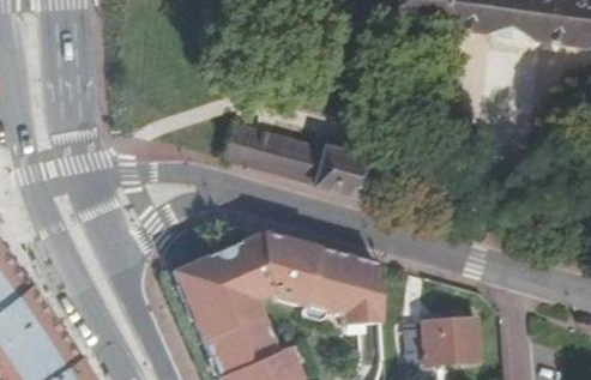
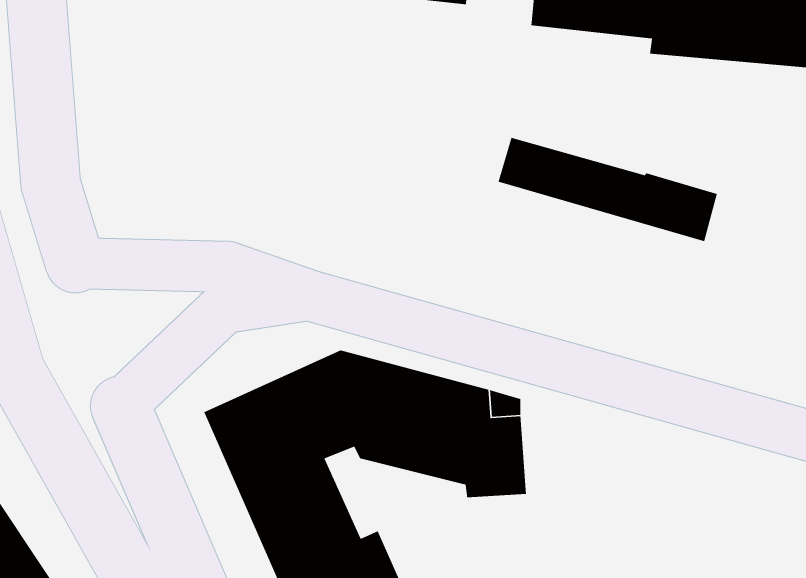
building: [231,129,372,197] -> [498,137,718,242]
building: [406,320,482,368] -> none

